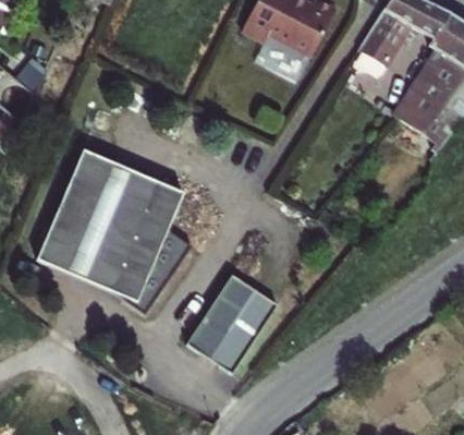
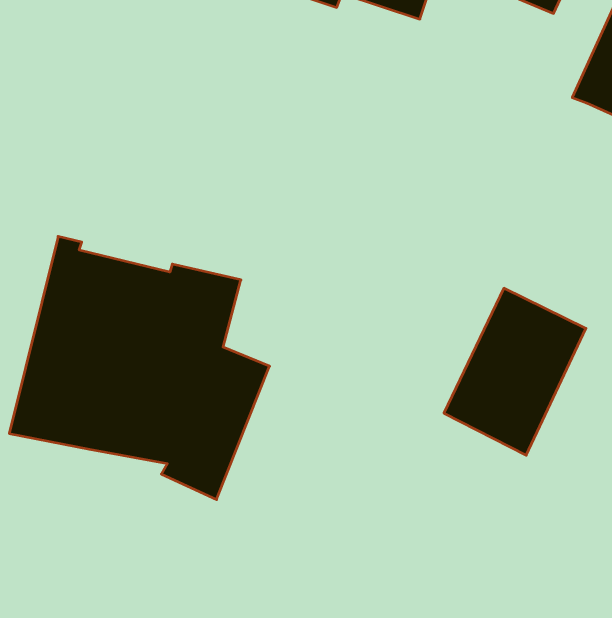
building: [187,274,277,372] -> [444,288,586,455]

